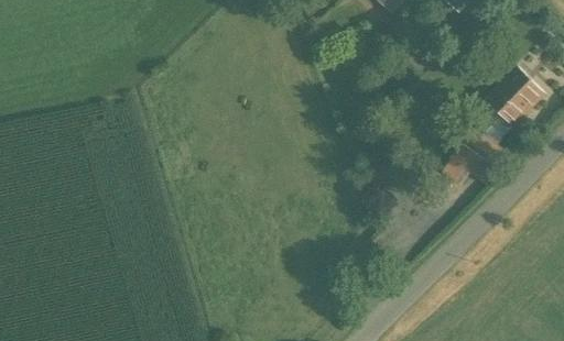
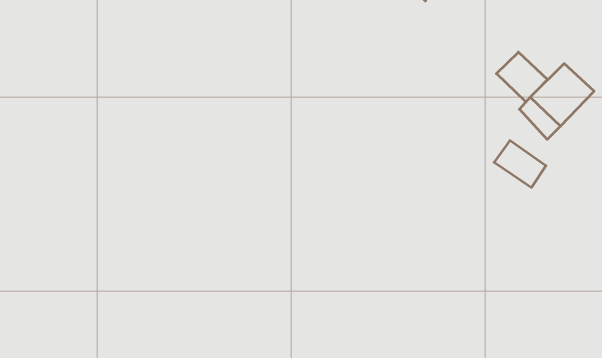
building: none -> [496,52,548,102]

